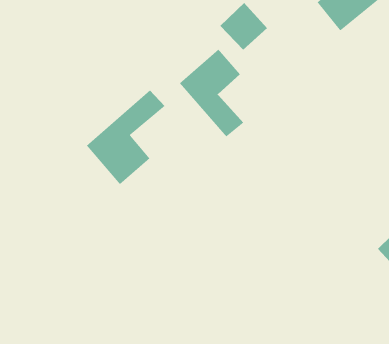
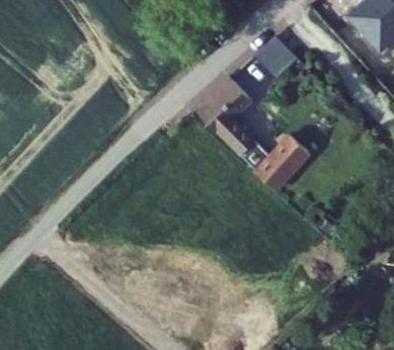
building: [86,90,166,185] -> none
building: none -> [260,135,314,189]

